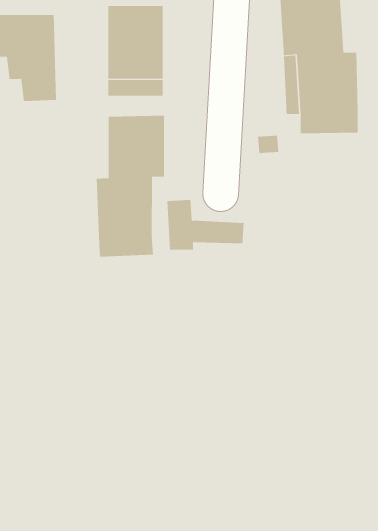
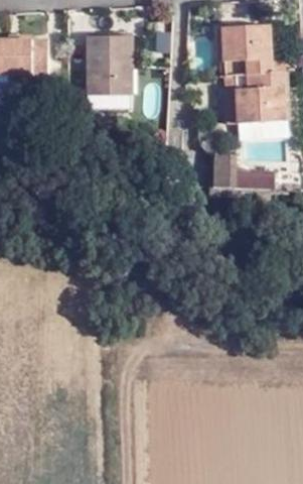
building: [96,115,165,257] -> none
building: [167,200,245,250] -> [215,153,276,193]

